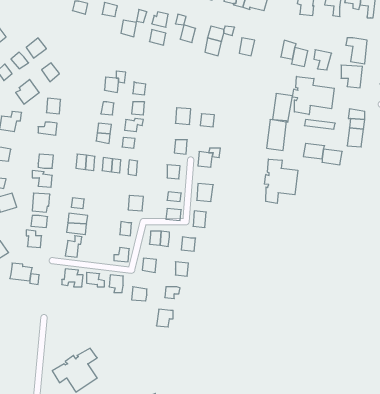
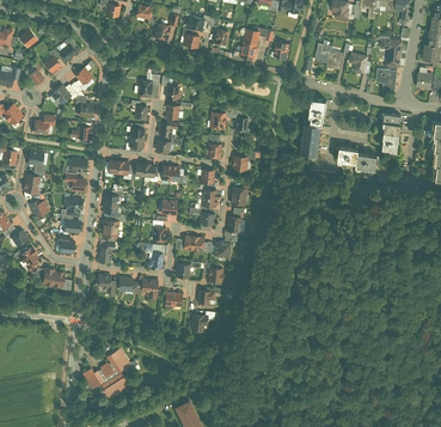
building: [292,76,334,115] -> none
building: [264,159,298,203] -> none

